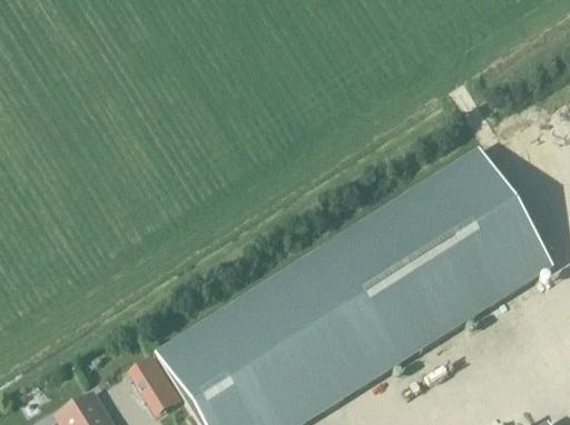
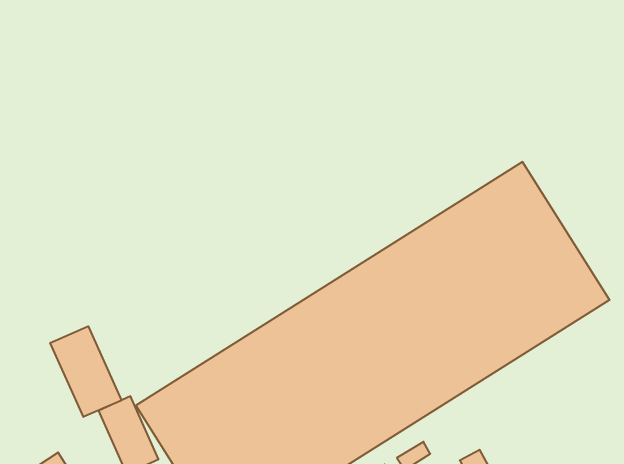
building: none -> [50,326,121,417]

